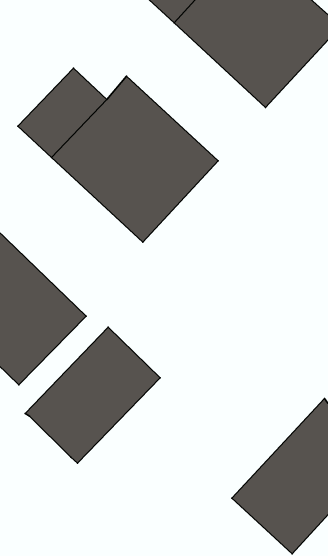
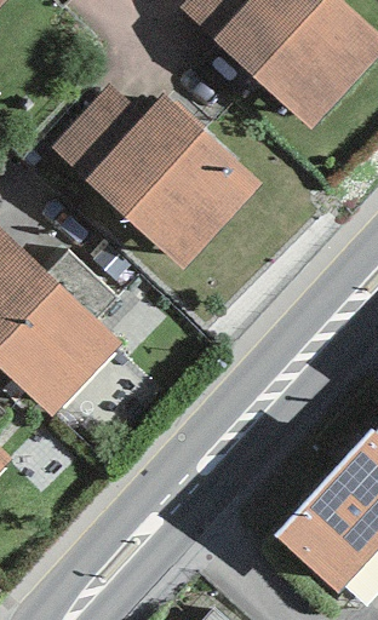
building: [25,327,160,463] -> none

